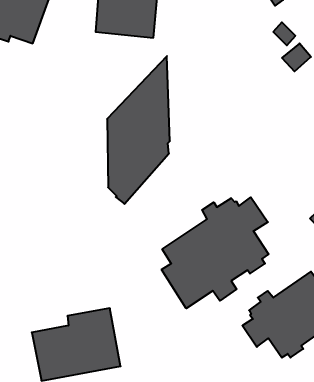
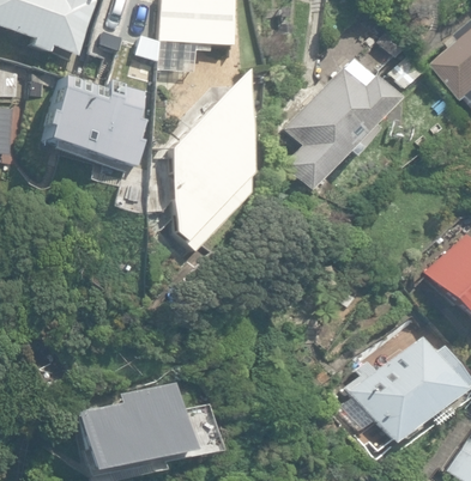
building: none -> [283,61,399,190]
building: none -> [55,80,127,150]
building: [162,197,269,308] -> none

